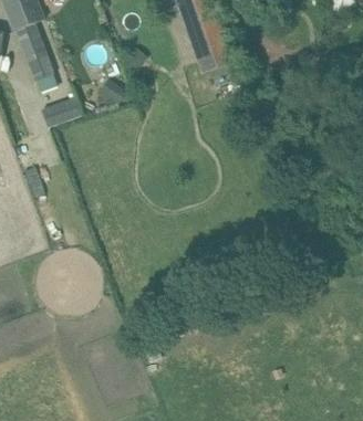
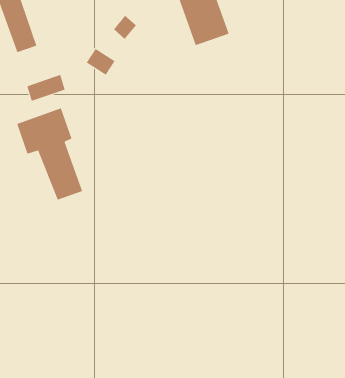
building: none -> [16,107,83,201]

